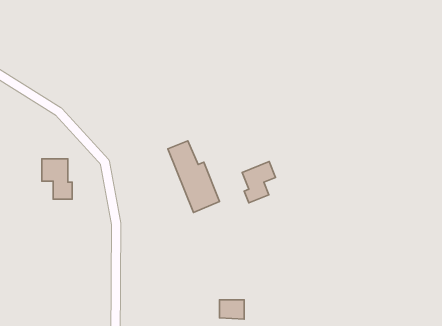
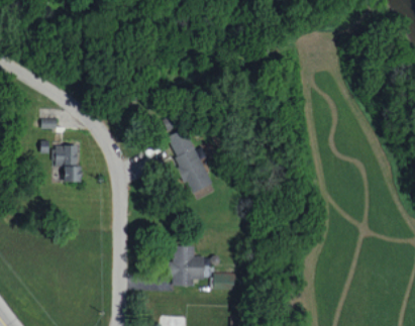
building: [242,162,276,203] -> none
building: none -> [168,245,204,286]

